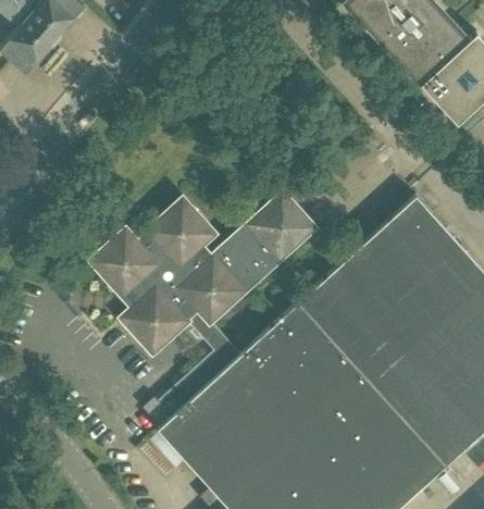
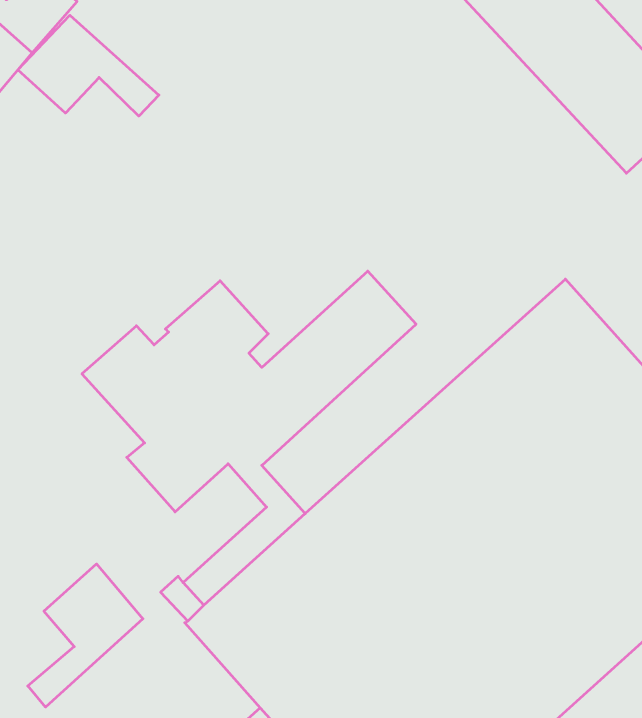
building: none -> [18,15,159,116]
building: none -> [28,564,143,707]

